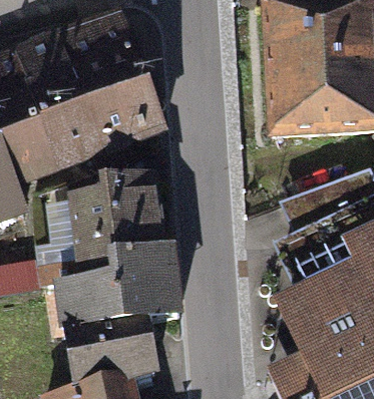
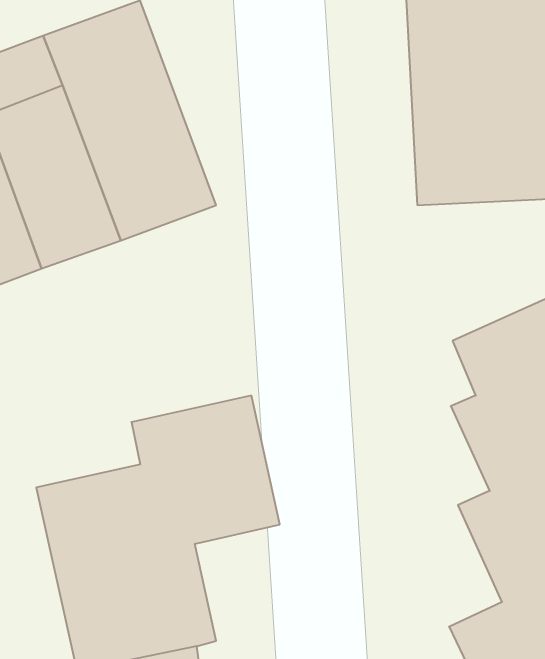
building: [43,173,174,295] -> none

